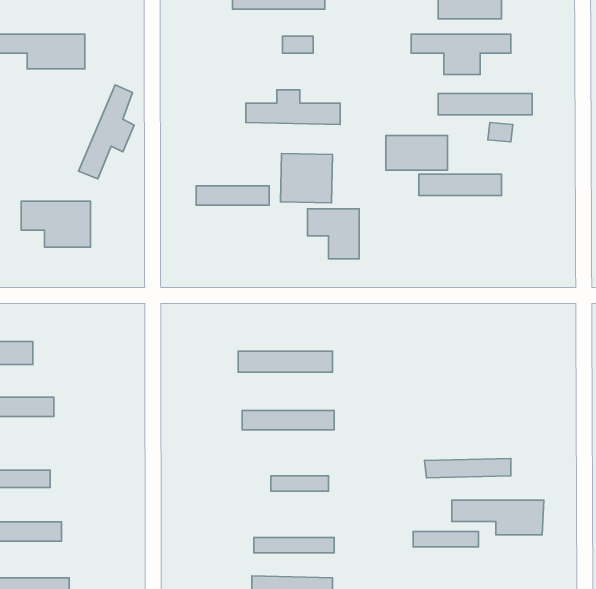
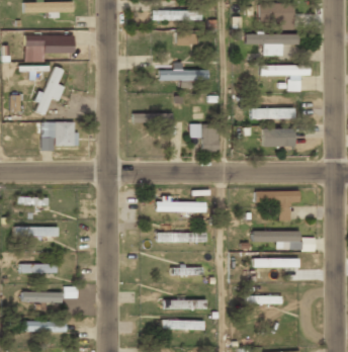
building: [79,85,134,179] -> [34,66,64,115]
building: [386,136,447,170] -> [262,129,294,148]
building: [281,154,332,203] -> none
building: none -> [255,191,298,221]
building: [452,500,544,535] -> [253,231,301,249]

